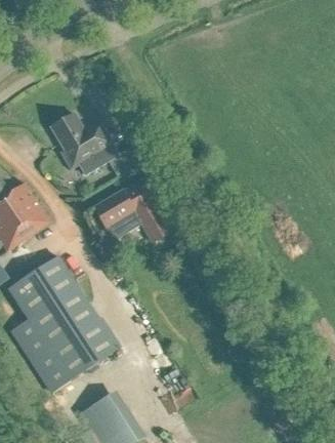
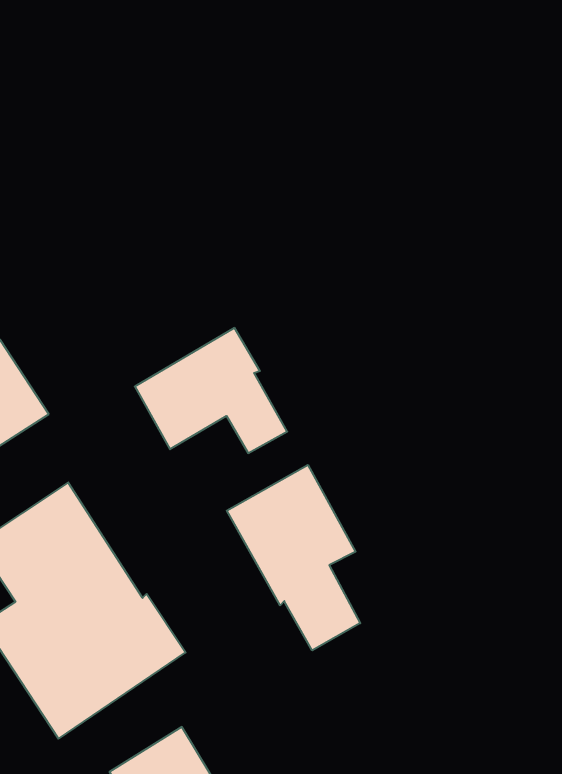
building: [49,113,157,174] -> none
building: none -> [227,465,360,650]

